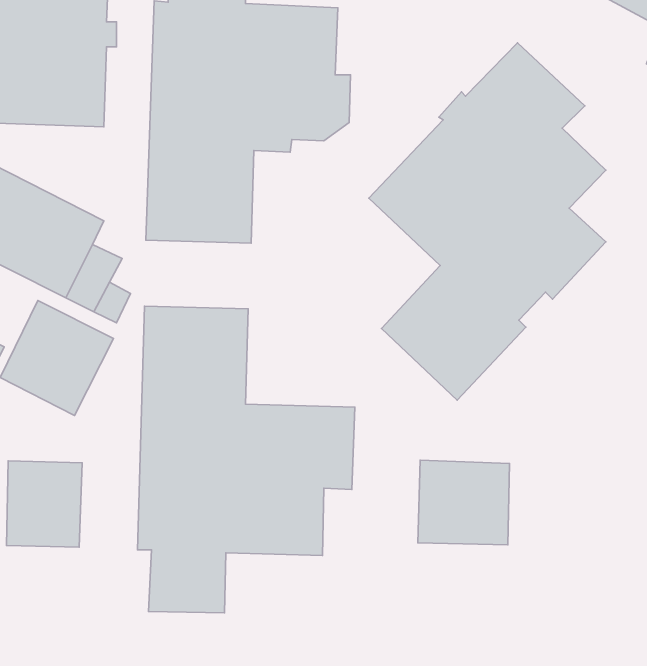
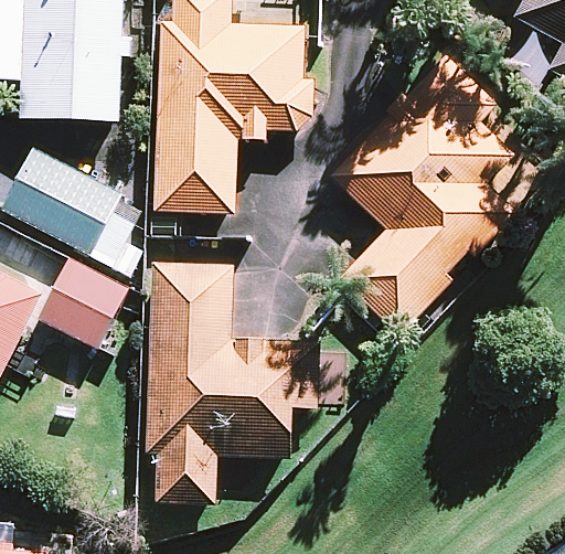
building: [418,460,510,545] -> none
building: [6,461,82,547] -> none

